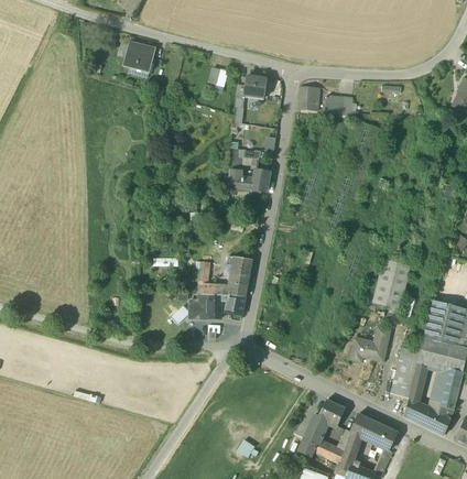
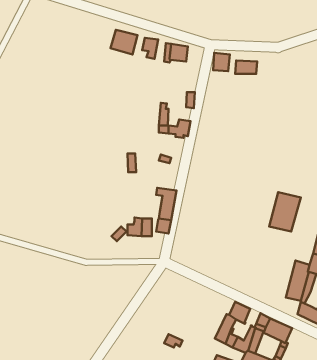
building: [122,42,156,73] -> [110,30,138,54]
building: [199,261,231,295] -> none
building: [350,325,390,361] -> none

